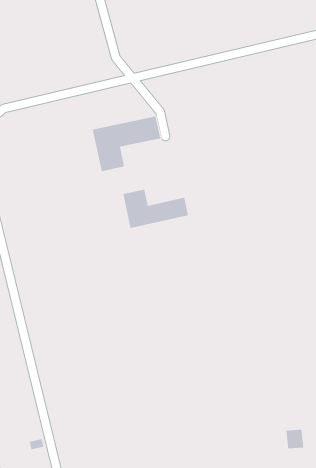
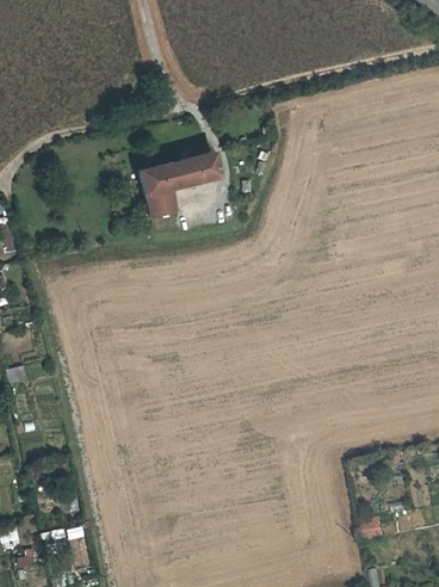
building: [123,189,188,229] -> none

